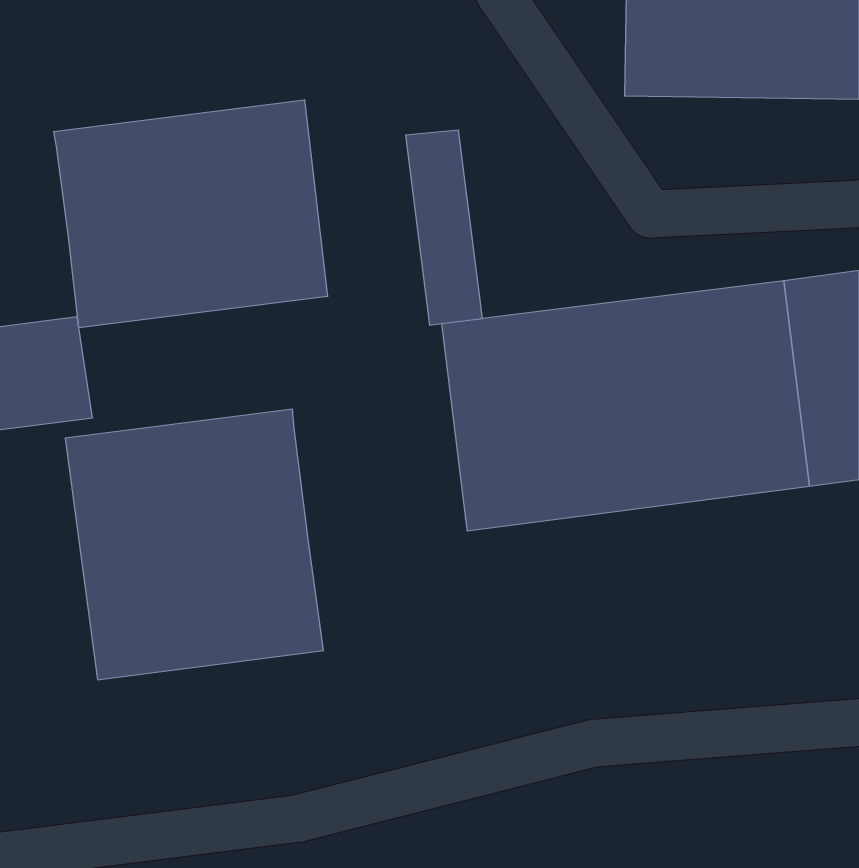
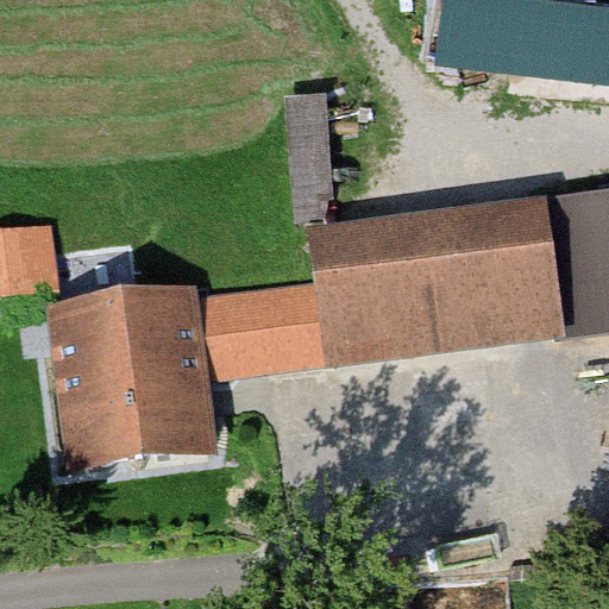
building: [54,100,328,328] -> none
building: none -> [205,283,324,375]

